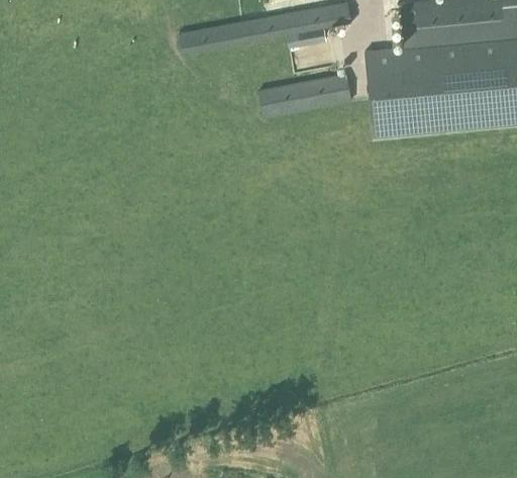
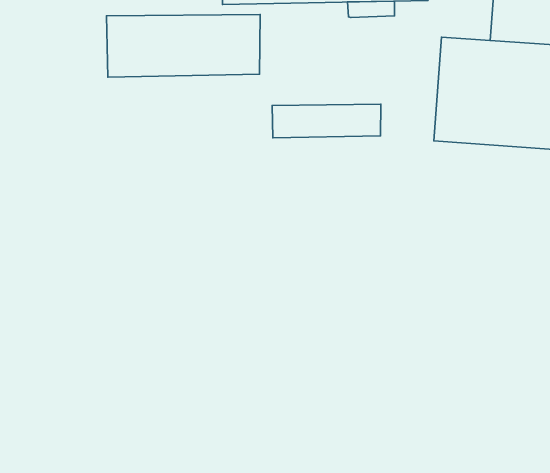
building: none -> [107,14,260,77]
building: [258,75,351,117] -> [272,104,381,138]

